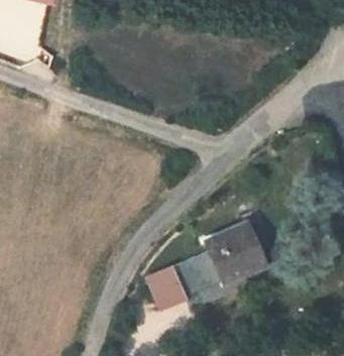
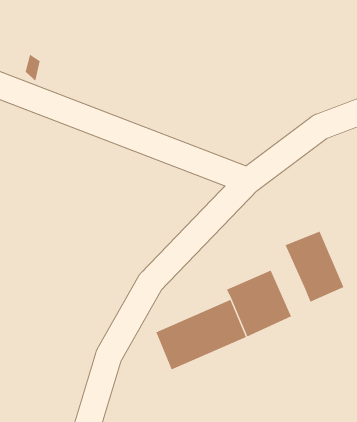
building: none -> [285,231,344,303]

